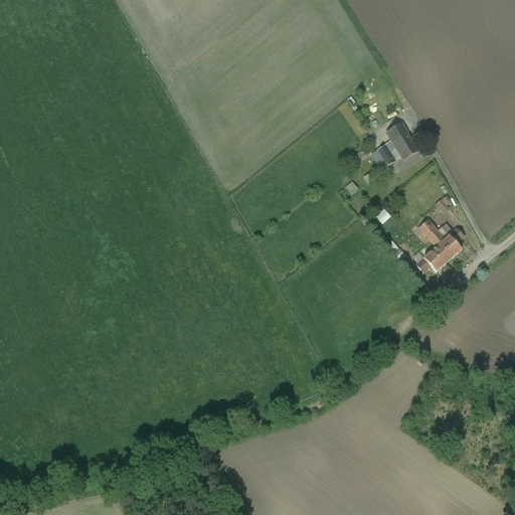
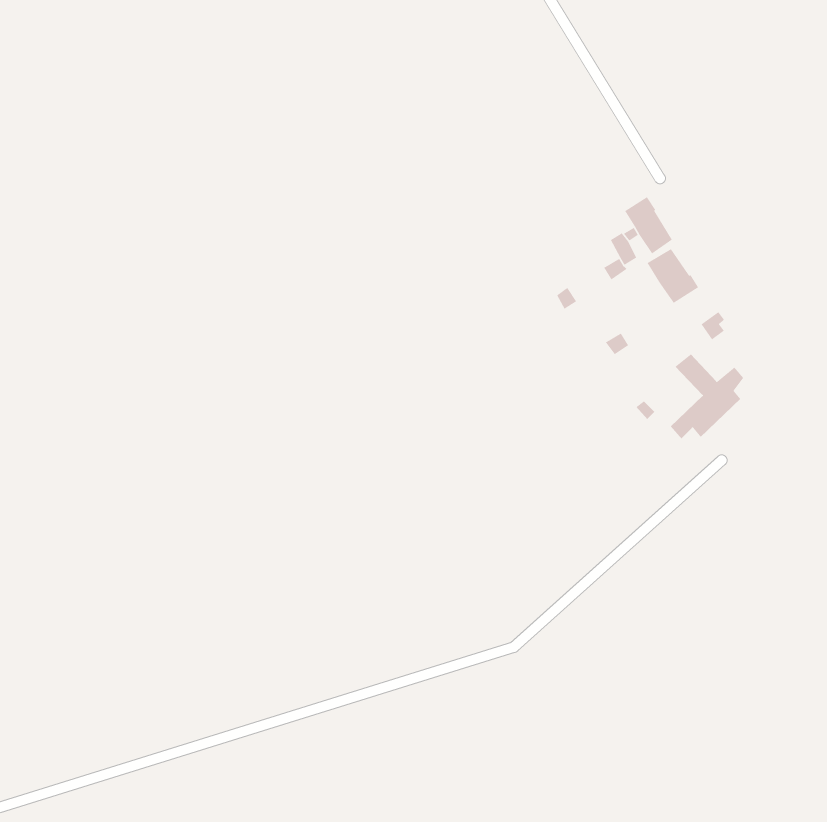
building: none -> [647,248,699,304]

